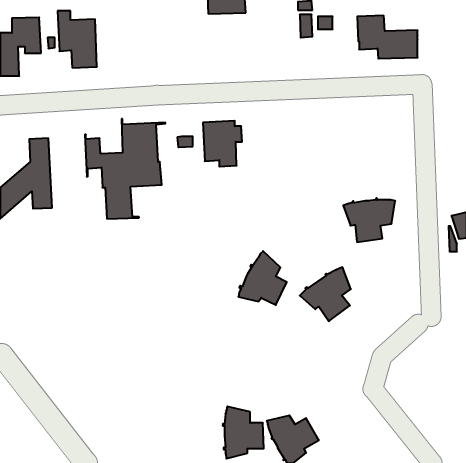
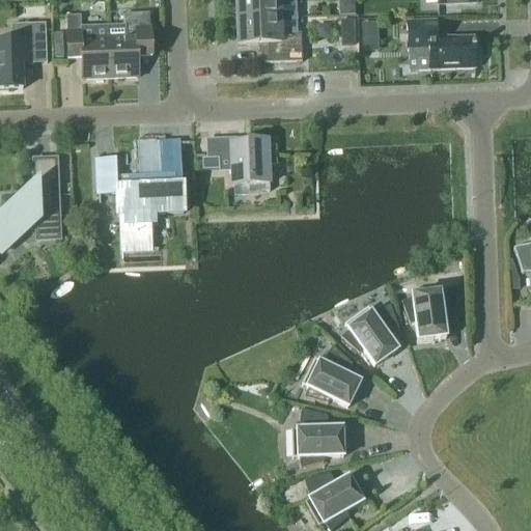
building: none -> [109,9,151,76]
building: none -> [237,15,302,60]
building: [343,198,395,242] -> [401,290,460,340]
building: [238,251,287,305] -> [305,343,360,404]
building: [223,406,264,459] -> [297,407,343,466]

